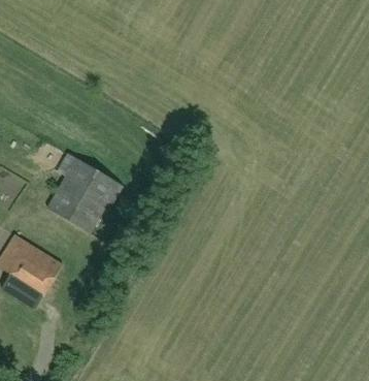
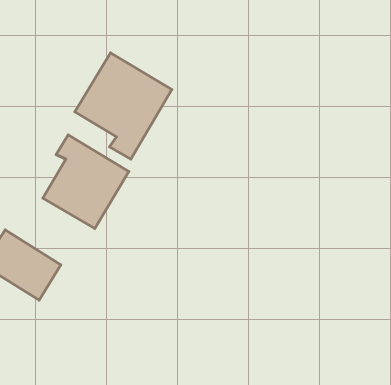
building: none -> [75,53,172,159]

